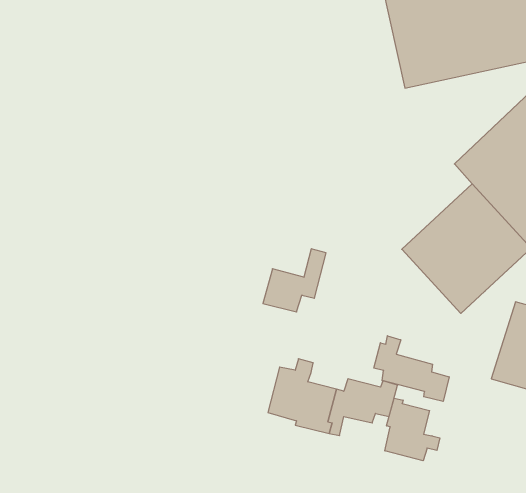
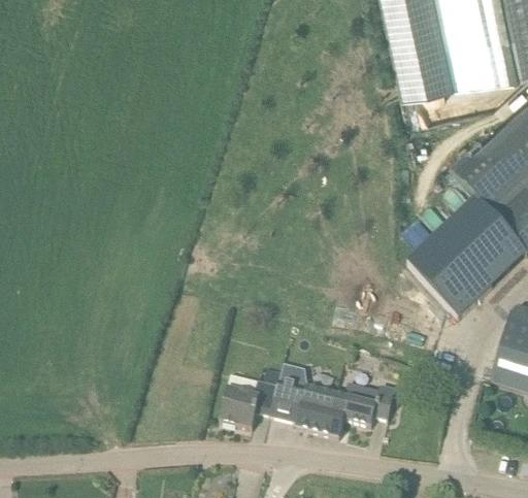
building: [263,249,326,312] -> [222,366,284,428]
building: [374,336,449,401] -> none
building: [385,398,440,461] -> none

